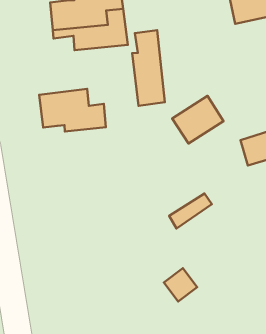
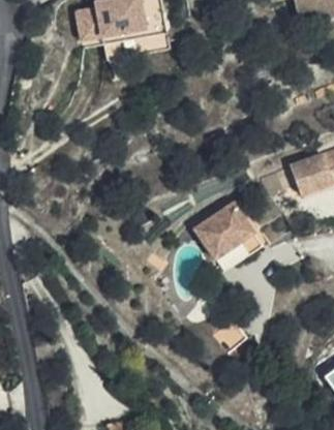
building: [132,30,165,106] -> none
building: [39,89,106,132] -> none
building: [172,96,224,144] -> [195,195,254,250]

